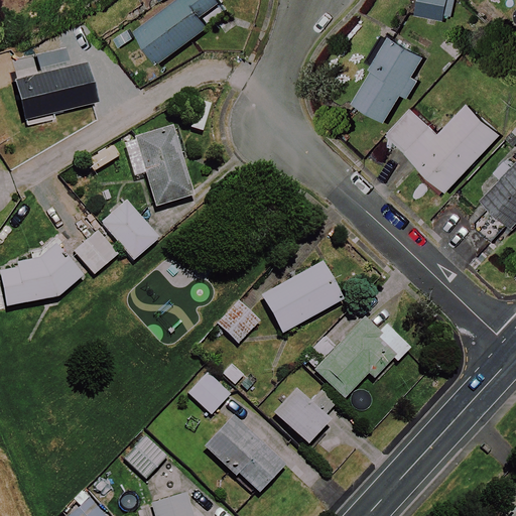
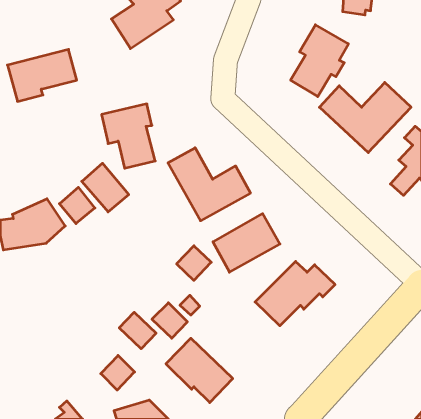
building: none -> [168,148,250,221]
building: none -> [119,312,156,349]
building: [273,388,329,443] -> none

